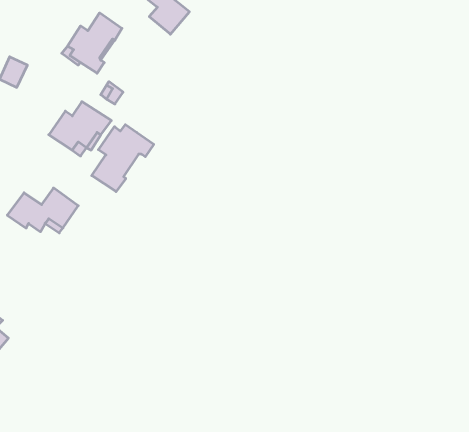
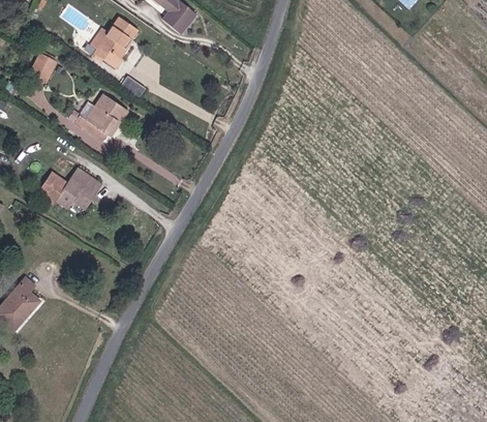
building: [92,125,154,192] -> none

